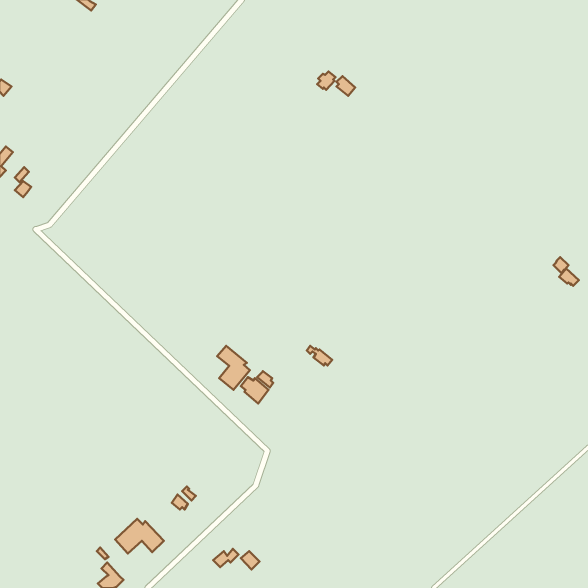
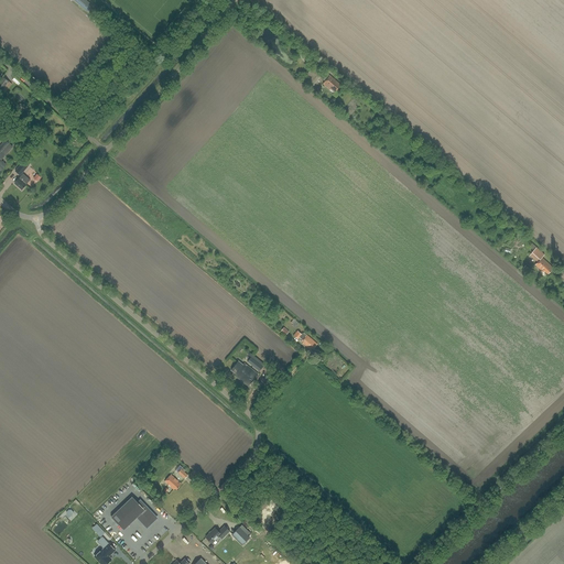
building: [217,346,250,390] -> none

